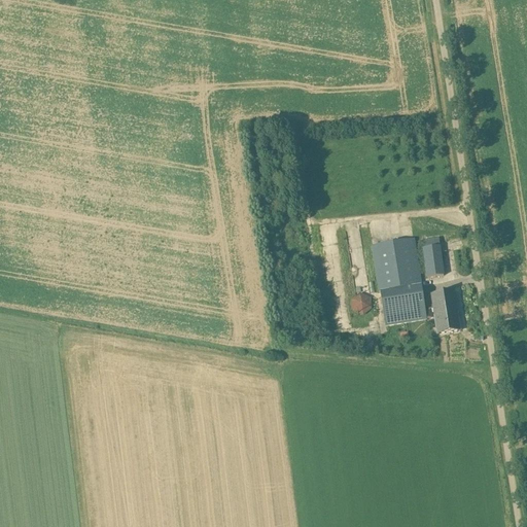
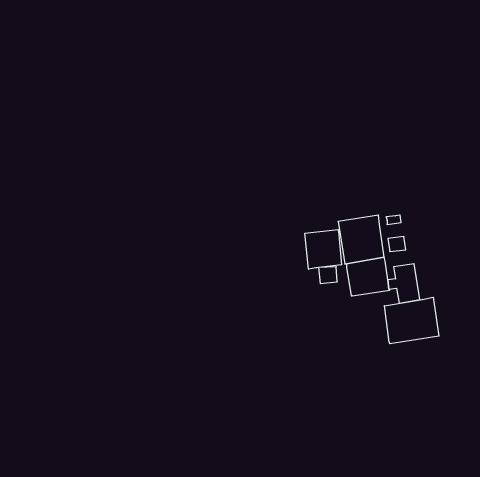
building: none -> [305,230,342,269]
building: none -> [384,297,439,344]

